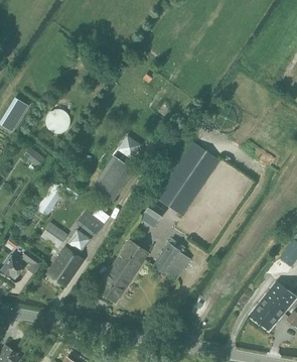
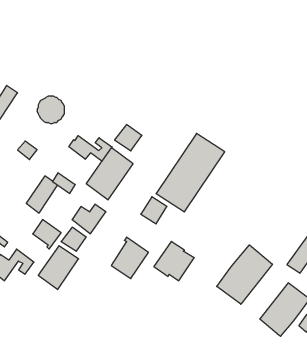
building: none -> [69,136,112,161]
building: none -> [217,245,272,304]
building: [96,265,131,301] -> none

